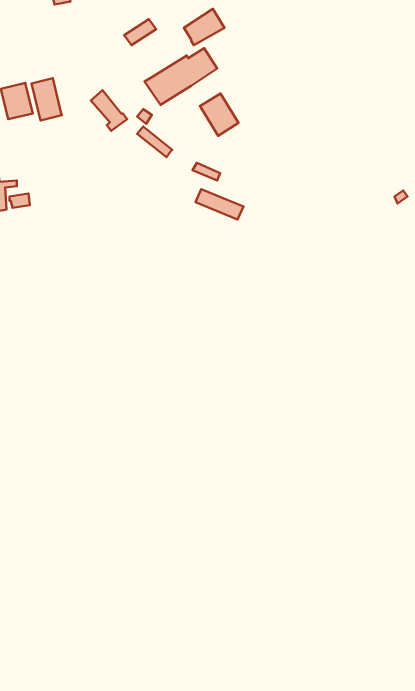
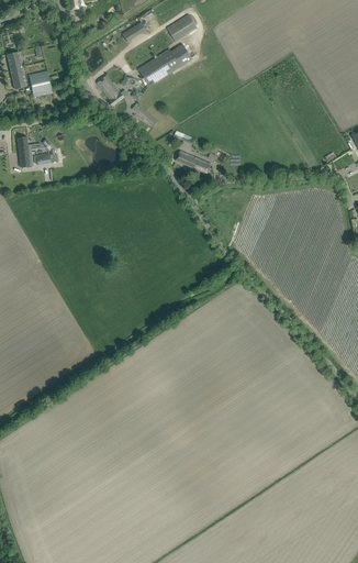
building: [32,78,62,120] -> none
building: [200,93,239,136] -> none

